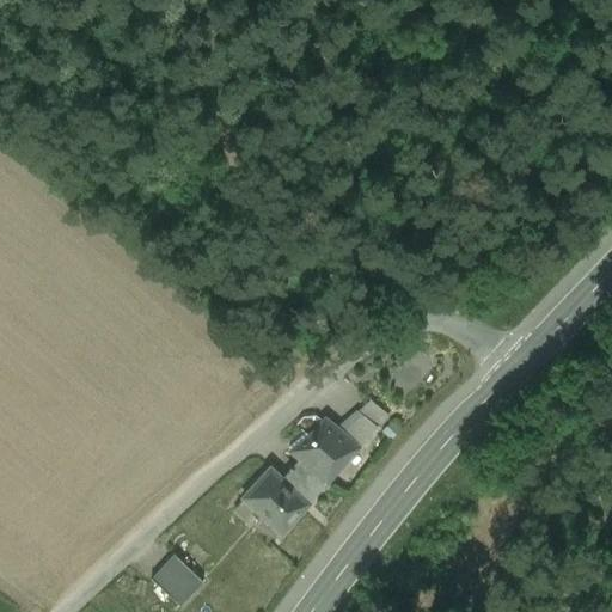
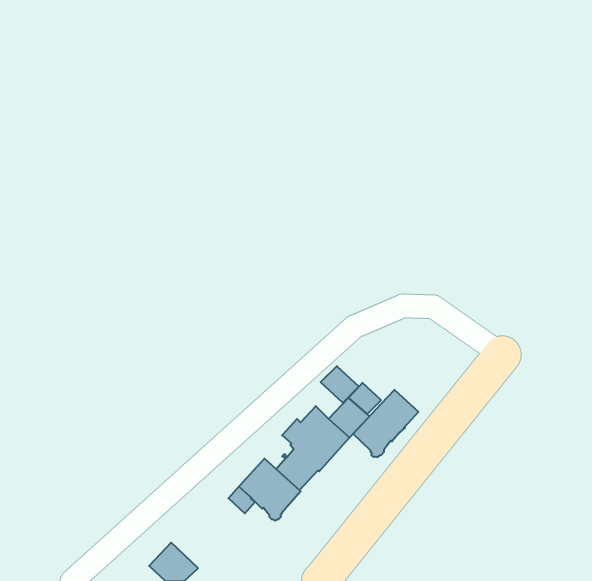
building: none -> [321,366,359,403]
building: none -> [353,390,418,457]

